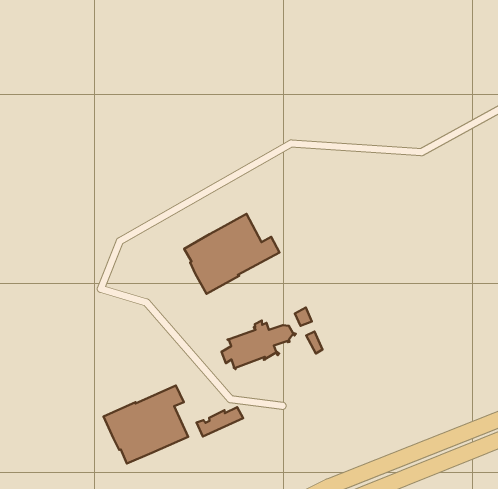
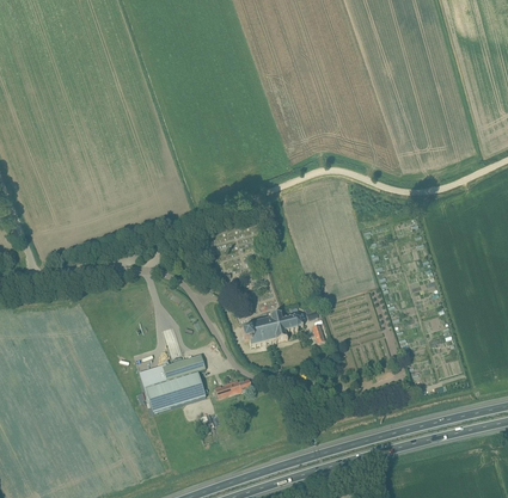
building: [184,214,279,294] -> none

